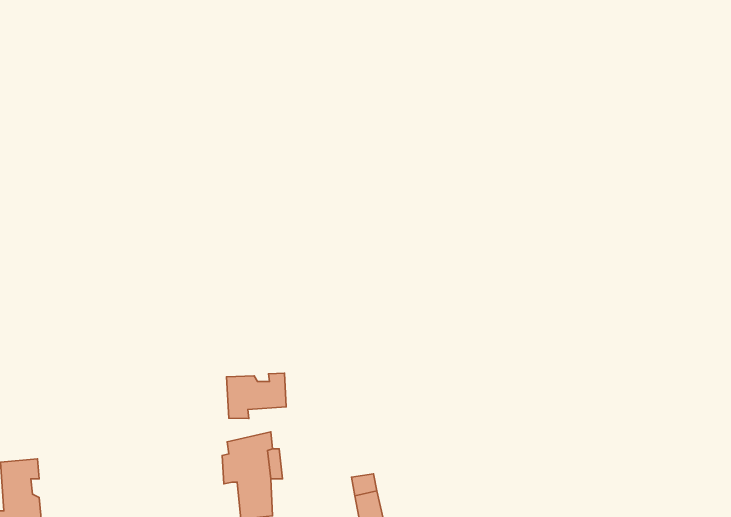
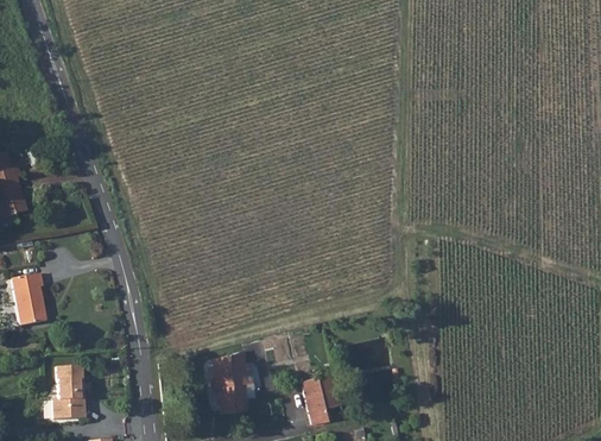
building: [226,373,286,419] -> none

